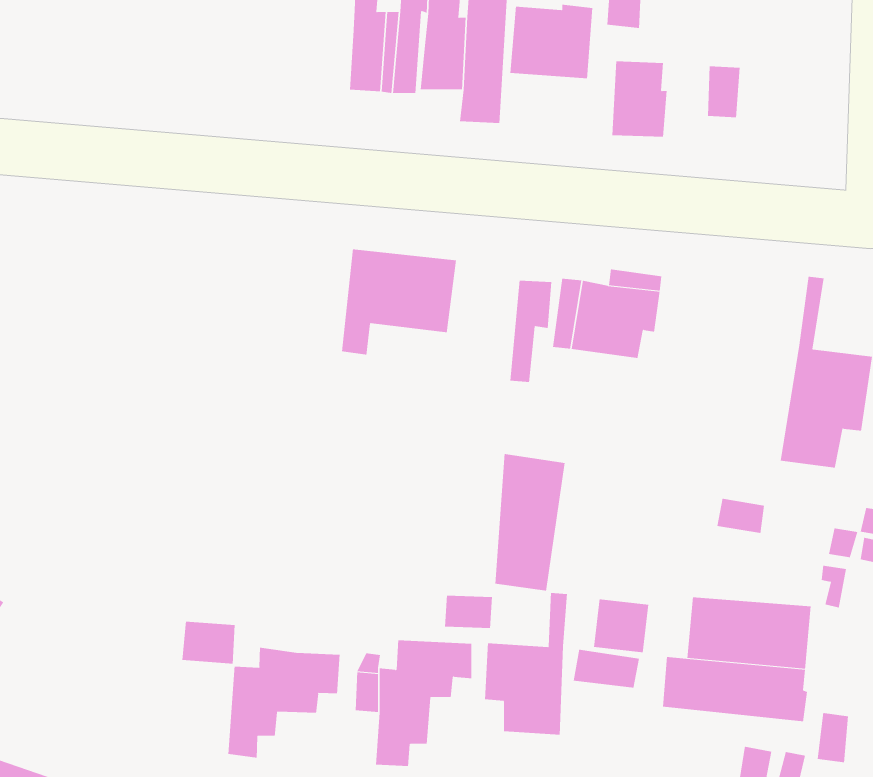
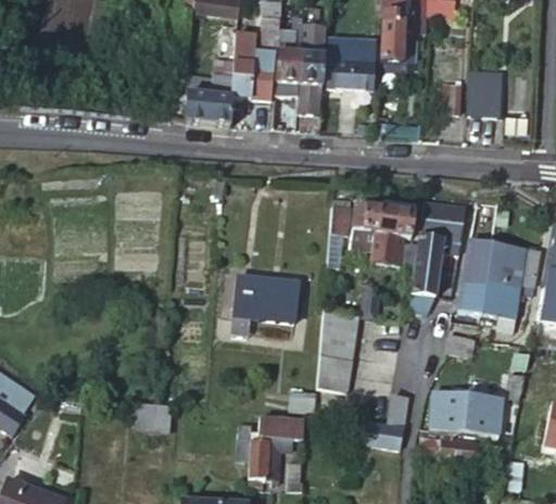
building: none -> [186,61,236,123]
building: [612,61,668,137] -> [468,70,501,114]
building: [341,249,457,355] -> [232,274,300,336]
building: none -> [407,203,465,313]
building: none -> [459,240,495,323]
building: [485,592,567,736] -> none
building: [228,647,340,759] -> none

